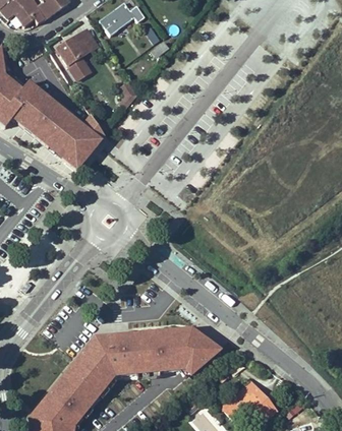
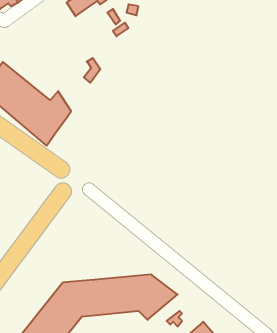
building: [57,30,97,81] -> none

